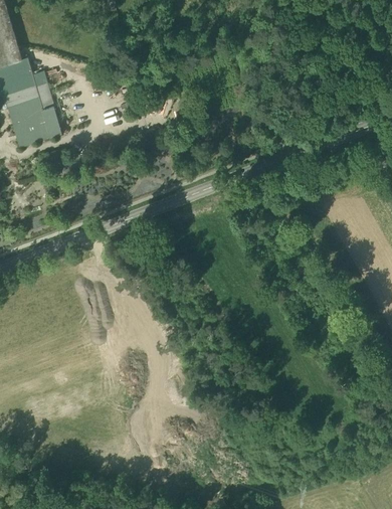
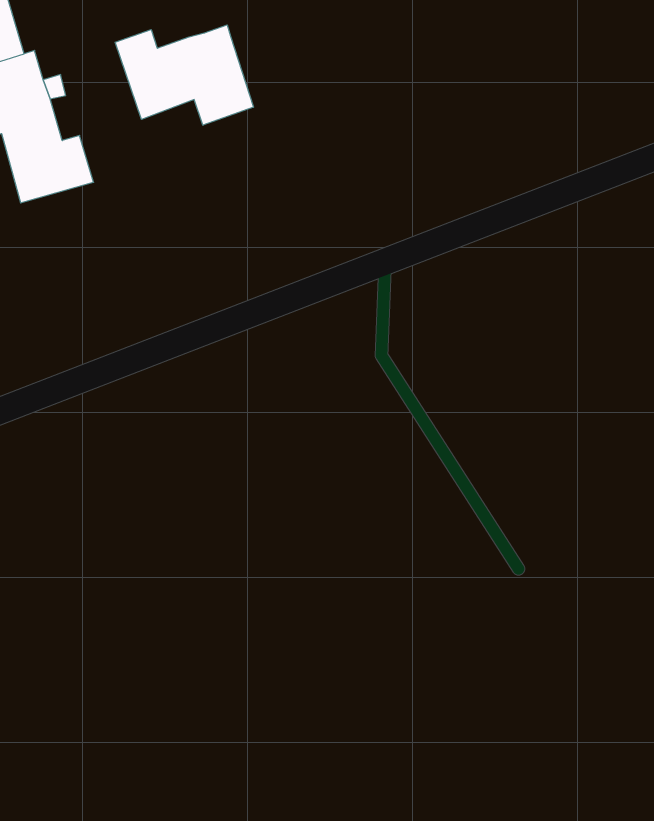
building: none -> [115,25,253,125]

